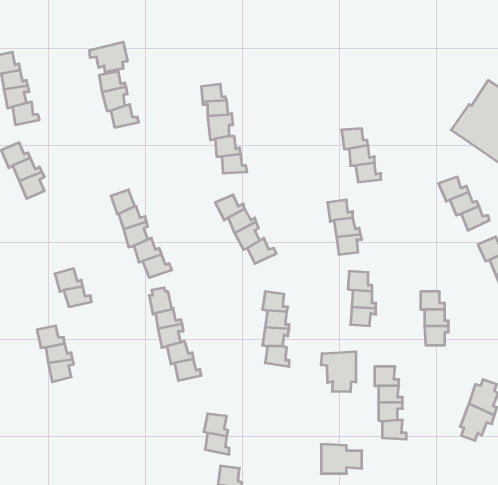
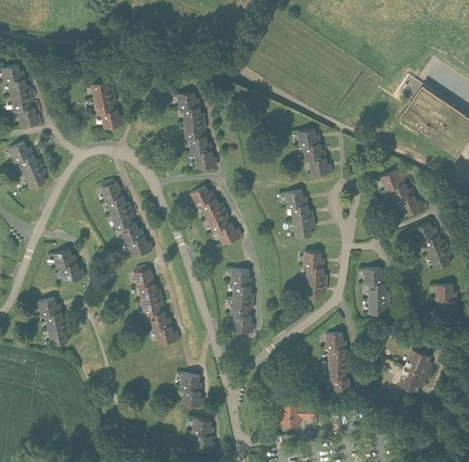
building: [90,42,127,72] -> none
building: [321,352,356,392] -> none

